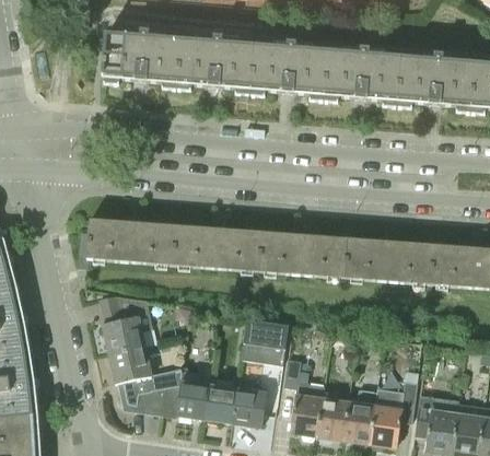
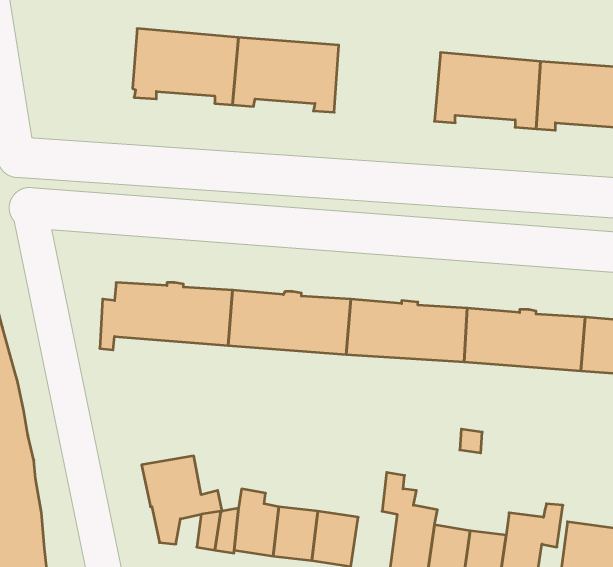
building: [249,45,327,101] -> none
building: [100,294,152,352] -> none
building: [241,318,289,365] -> none

